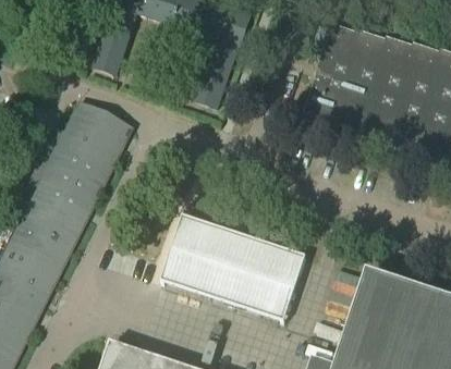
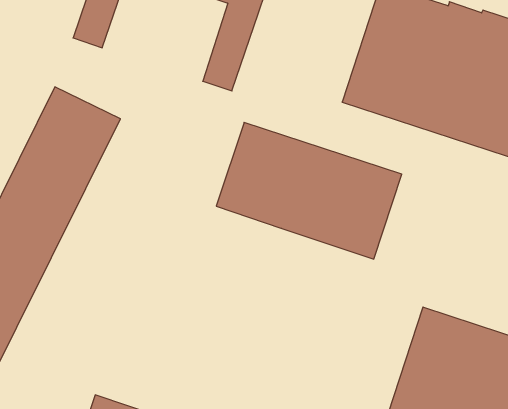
building: [161,211,306,318] -> [216,122,402,259]

